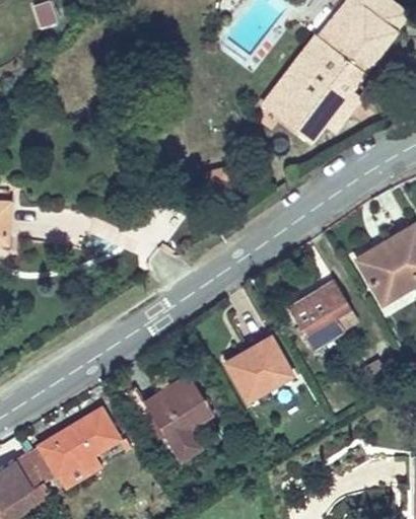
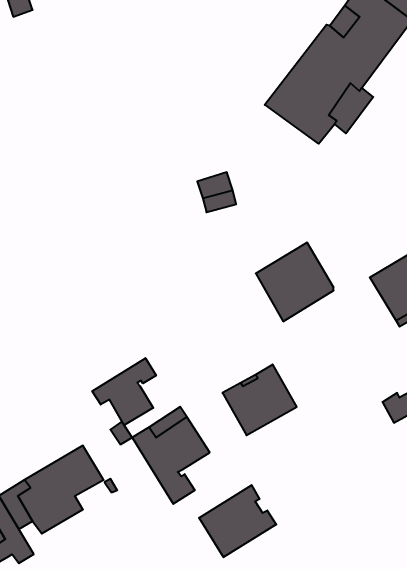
building: [288,279,357,349] -> [256,243,334,321]
building: none -> [92,358,156,425]
building: none -> [199,485,276,557]

